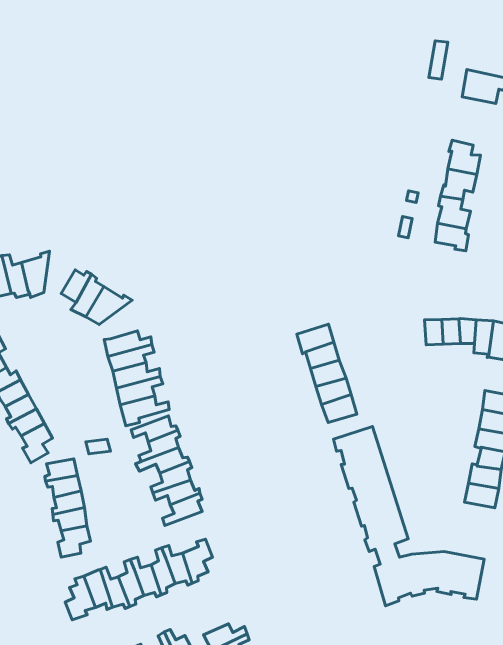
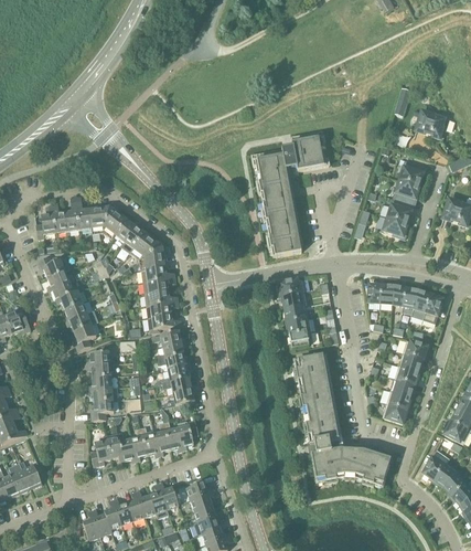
building: none -> [251,130,329,256]
building: none -> [103,202,127,237]
building: none -> [139,244,165,269]

